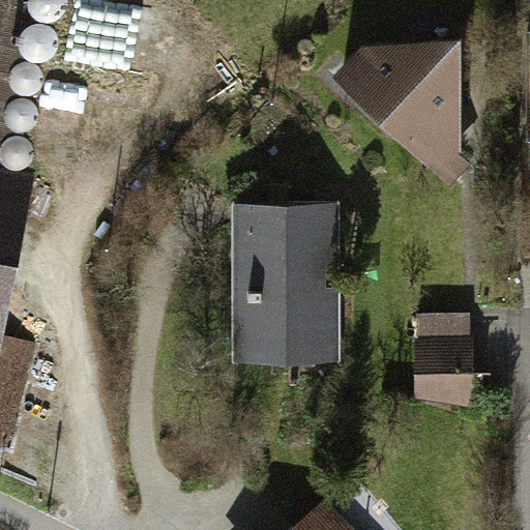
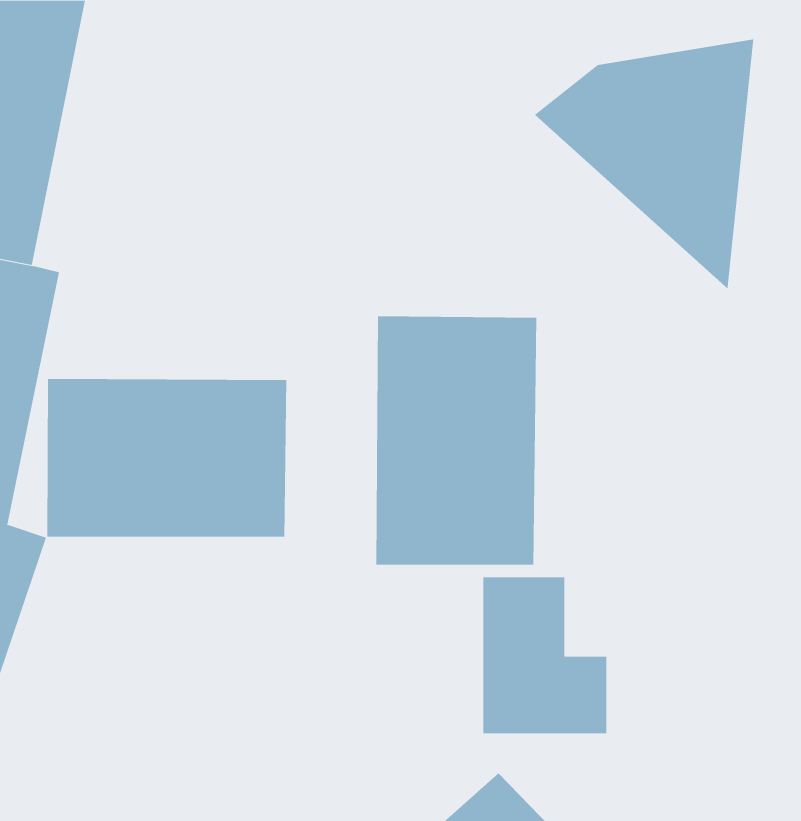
building: none -> [47,378,287,538]
building: [416,315,496,415] -> [483,577,607,734]

